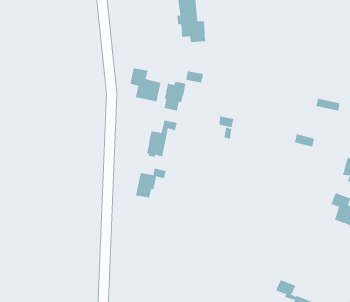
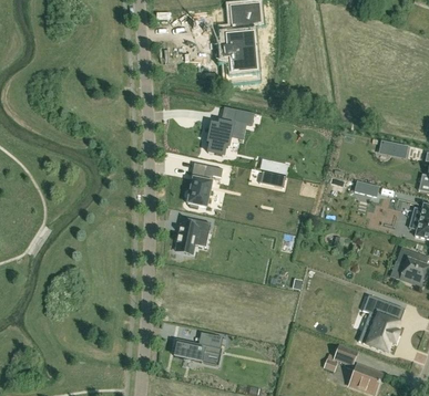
building: [130,68,161,102] -> none
building: none -> [358,294,398,351]
building: none -> [174,333,223,365]

